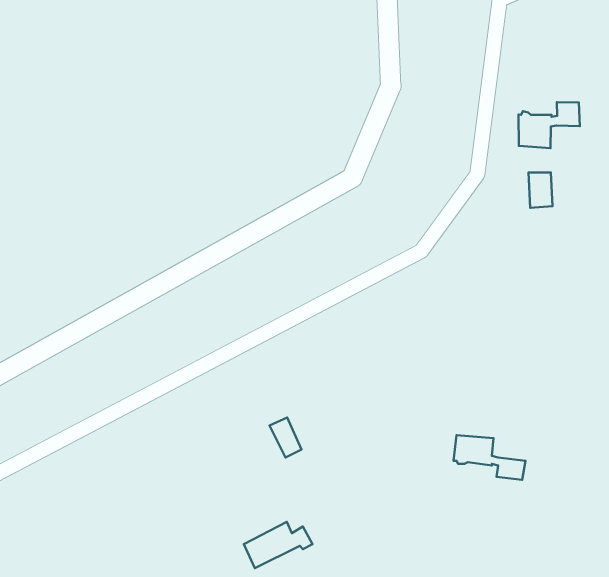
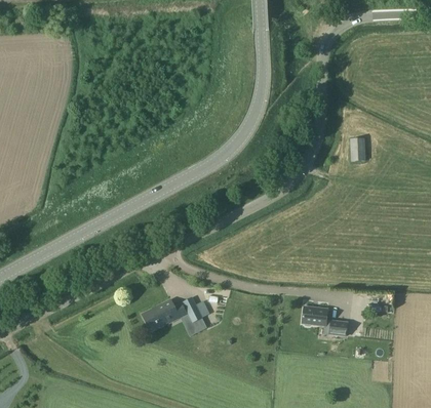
building: [518,102,580,148] -> none
building: [244,522,312,568] -> [143,300,187,330]

